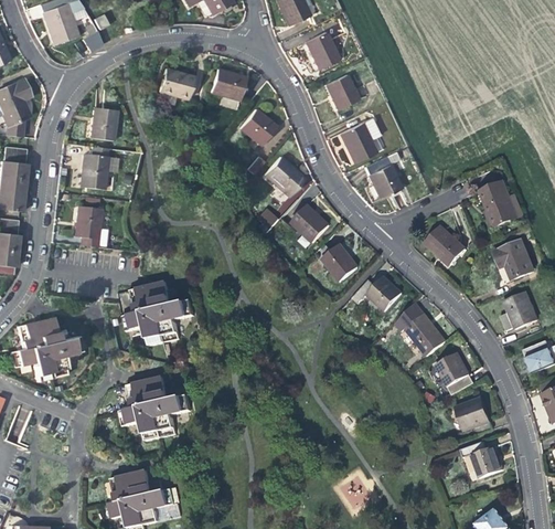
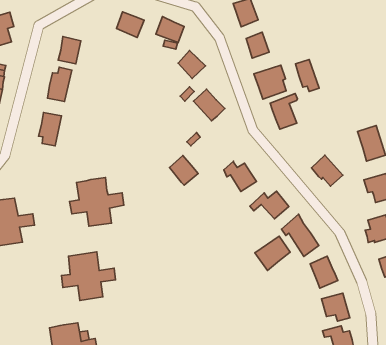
building: none -> [296,60,319,92]
building: [293,205,331,243] -> [169,156,198,185]
building: none -> [255,236,290,270]

